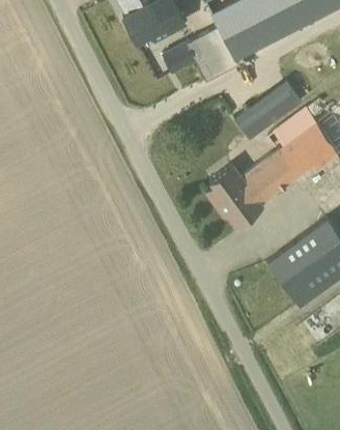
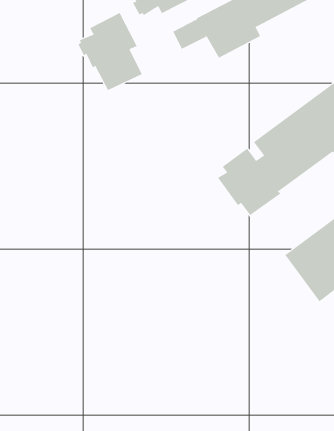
building: none -> [78,12,143,91]
building: [236,82,304,141] -> none

